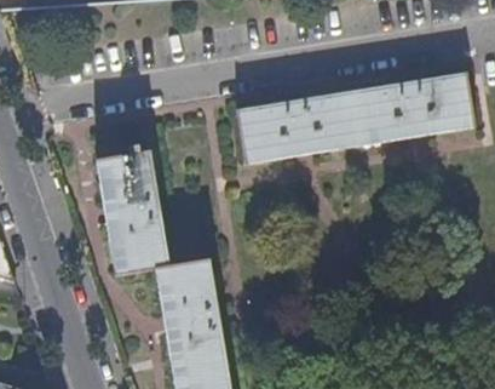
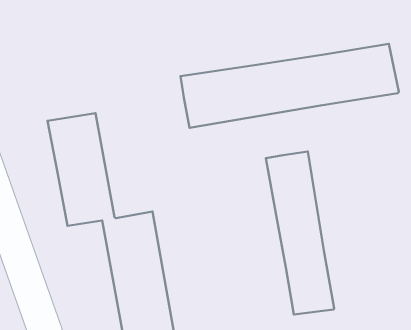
building: none -> [266,152,334,314]

